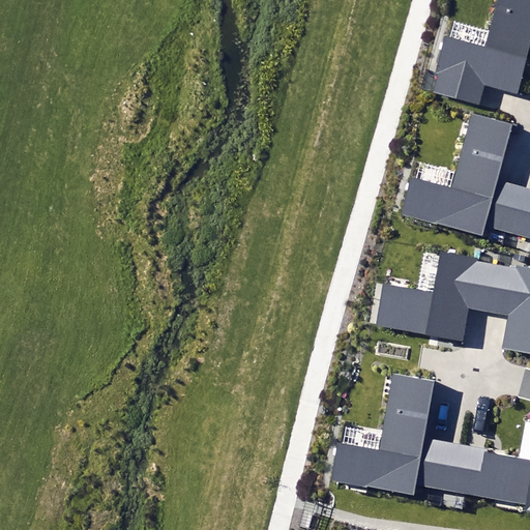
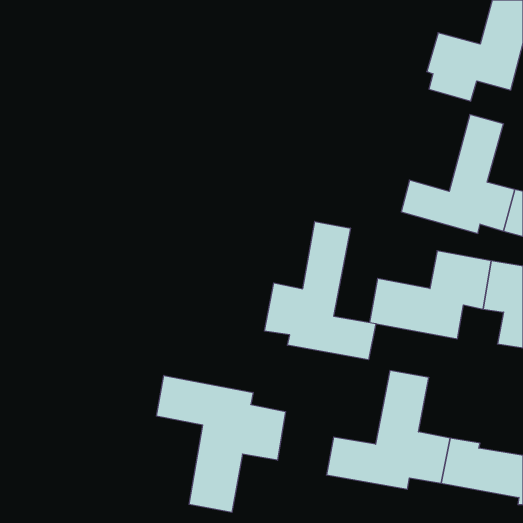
building: none -> [265,221,376,360]
building: none -> [157,375,286,512]

